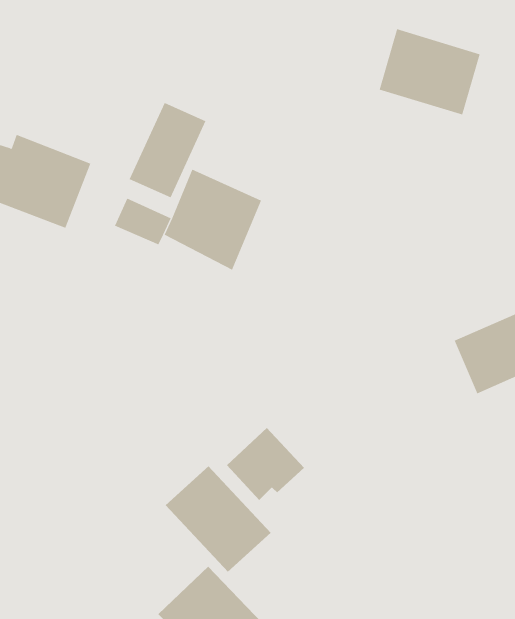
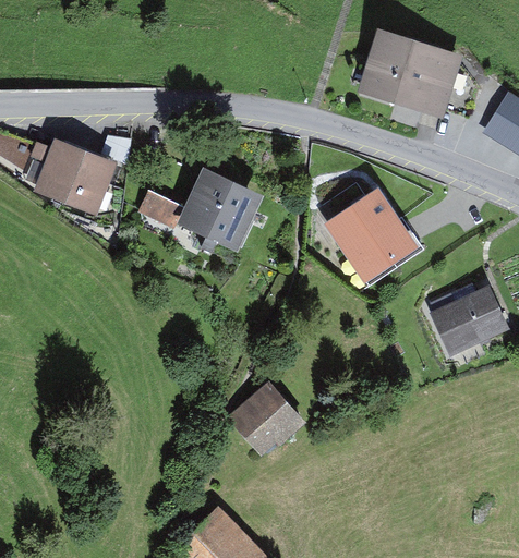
building: [129,102,206,198] -> none
building: none -> [323,183,422,287]
building: [165,465,271,573] -> none

